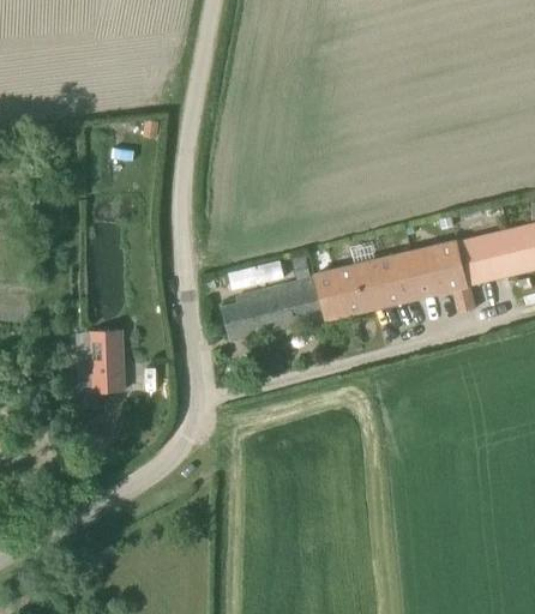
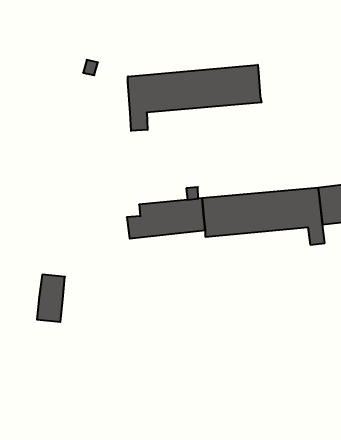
building: none -> [128,65,262,131]
building: [92,332,124,391] -> [37,275,65,322]

